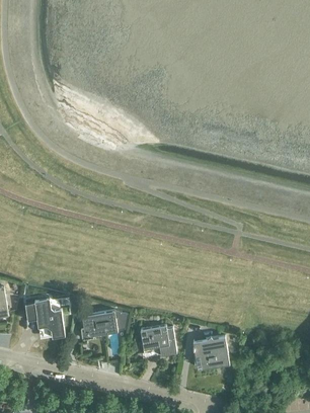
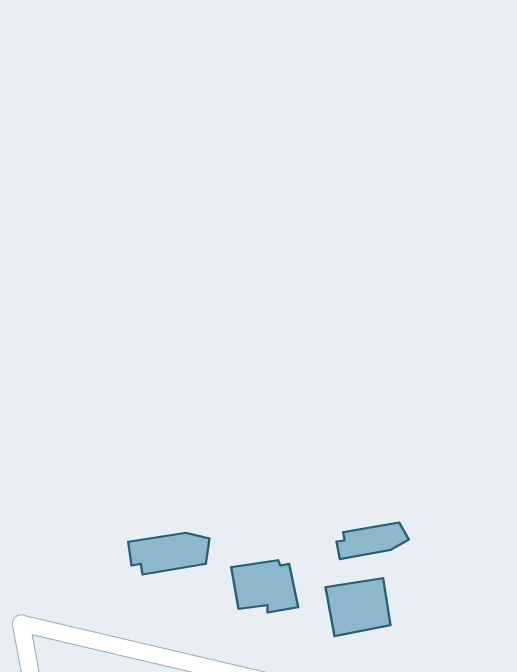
building: [25,301,63,336] -> none
building: none -> [336,523,409,559]

